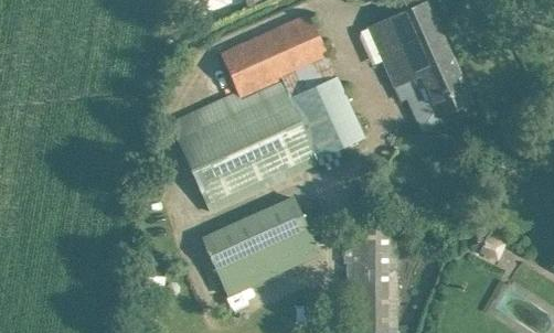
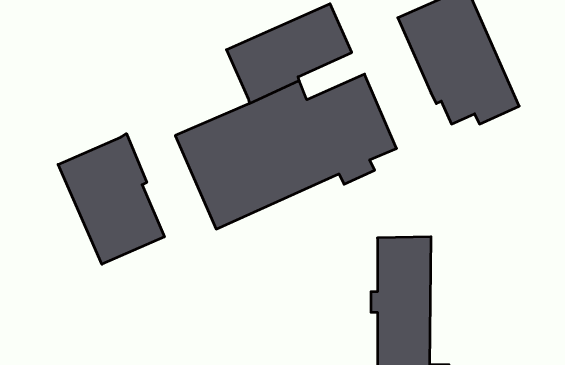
building: none -> [58,134,164,264]
building: [200,194,318,292] -> none

